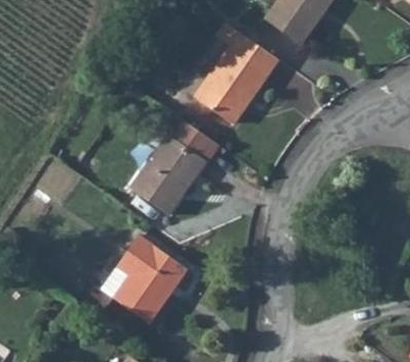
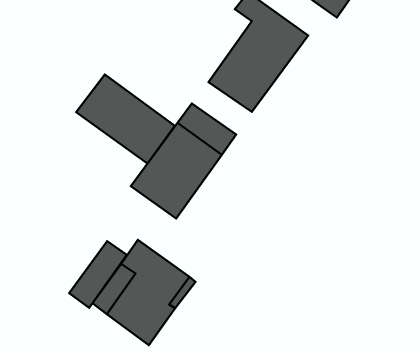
building: none -> [76,74,175,164]
building: none -> [69,241,127,308]

